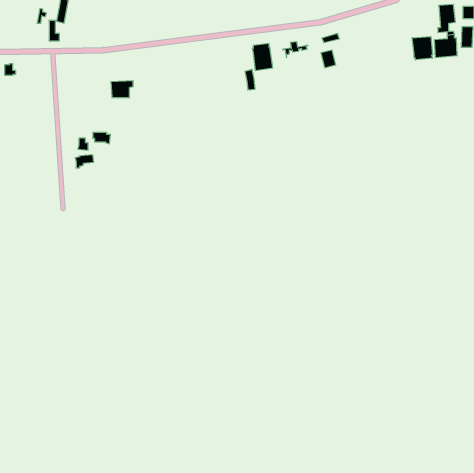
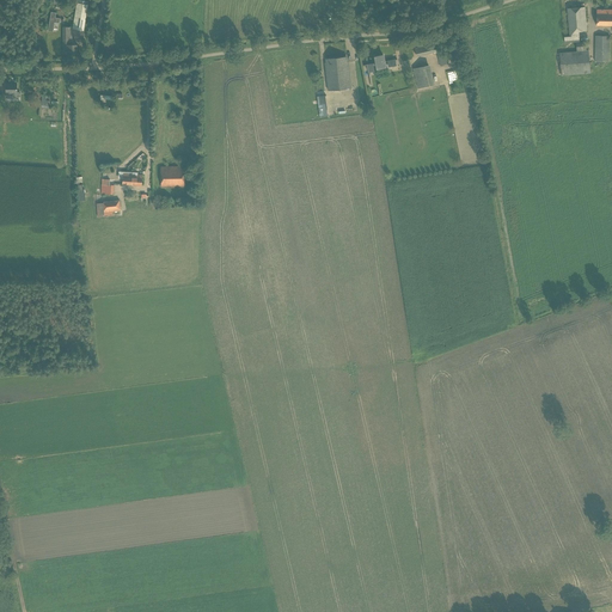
building: [412,37,432,60] -> none
building: [111,81,133,98] -> [160,165,189,186]

